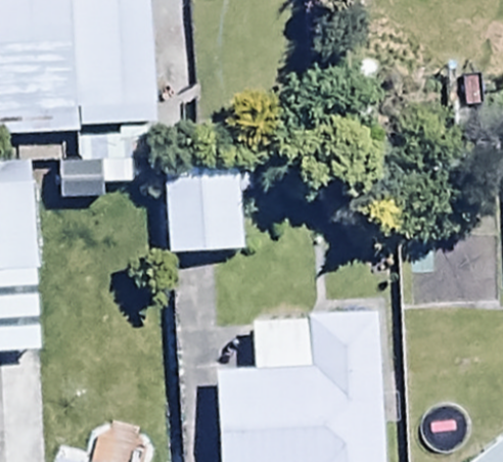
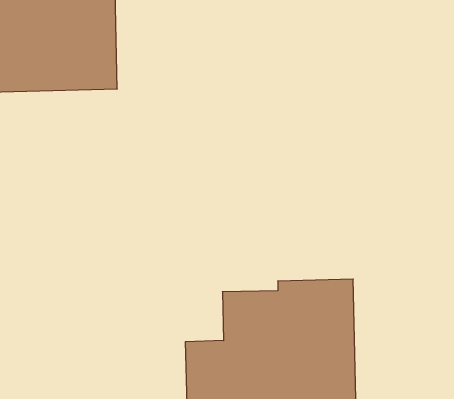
building: [167,151,245,255] -> none

